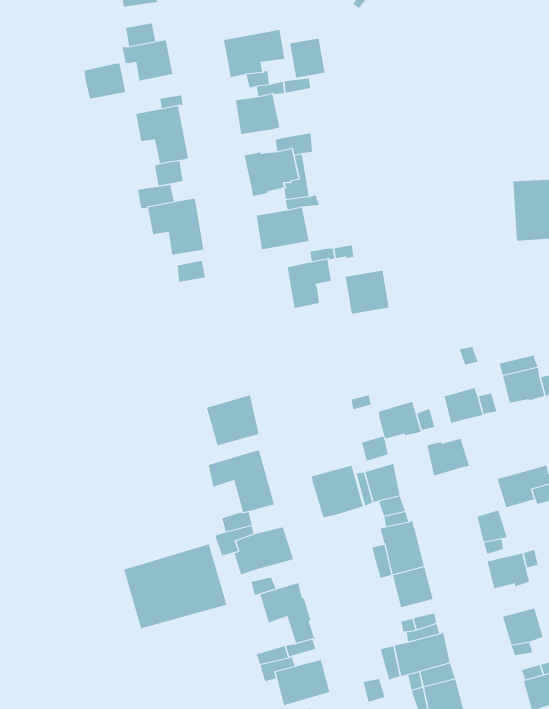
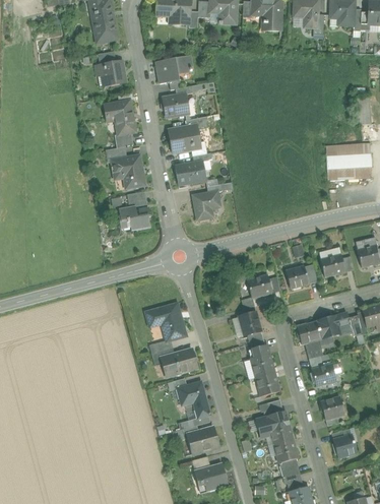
building: [289,38,325,78] -> none
building: [84,63,126,100] -> none
building: [345,270,389,314] -> none
building: none -> [119,207,150,229]
building: [206,395,259,446] -> none
building: [427,438,470,476] -> [297,321,322,343]
building: [312,465,363,518] -> none
building: [123,543,227,629] -> none

